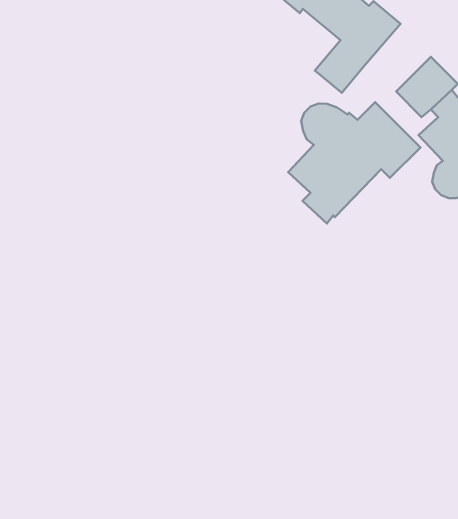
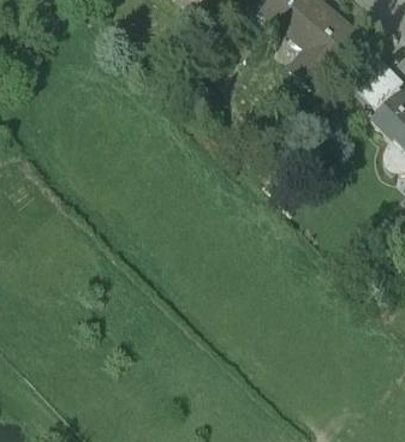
building: [288,102,420,224] -> none

